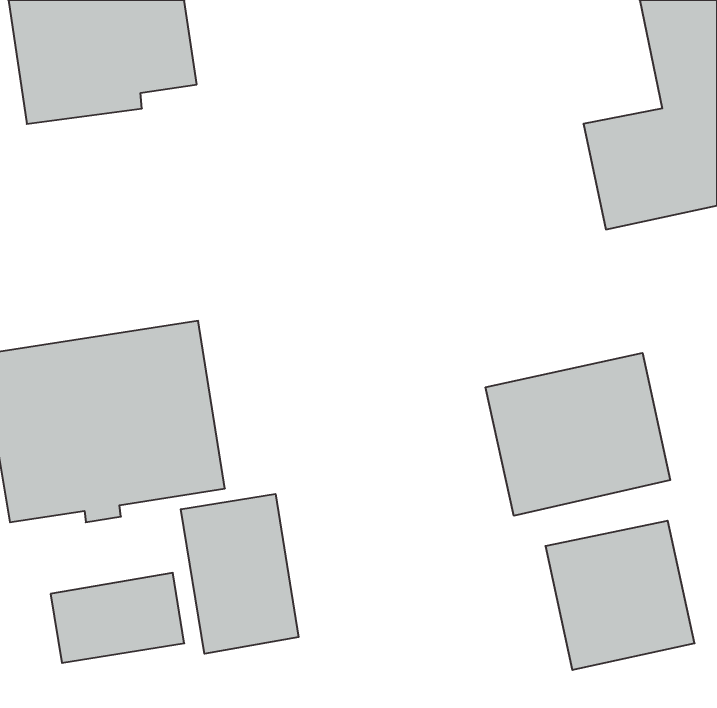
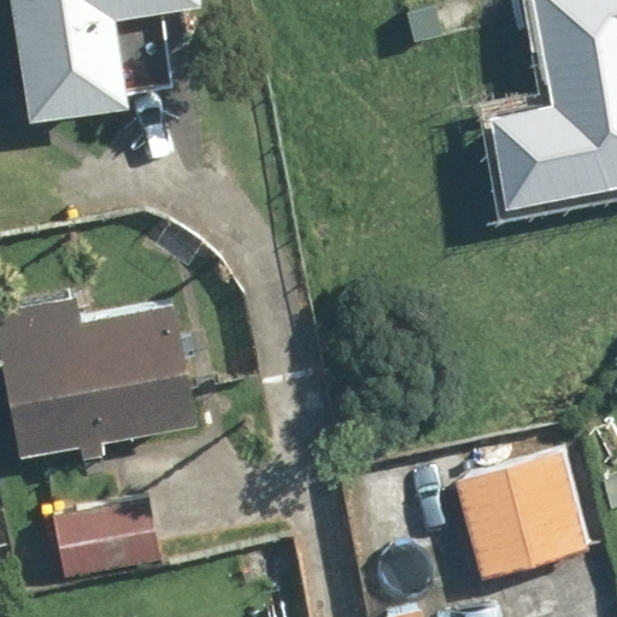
building: [486,353,670,516] -> none
building: [181,494,299,654] -> none

